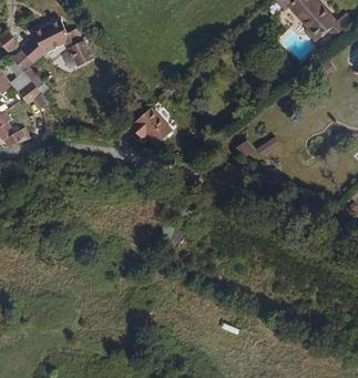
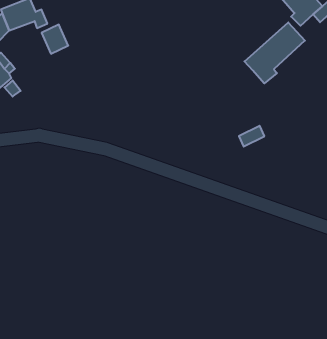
building: none -> [244,22,305,83]
building: [131,108,173,146] -> none

